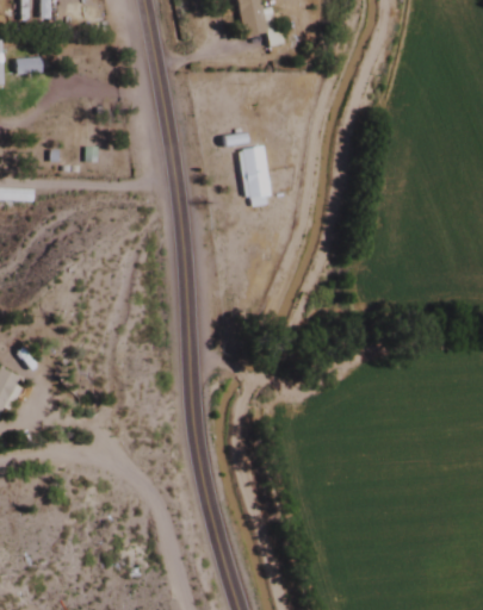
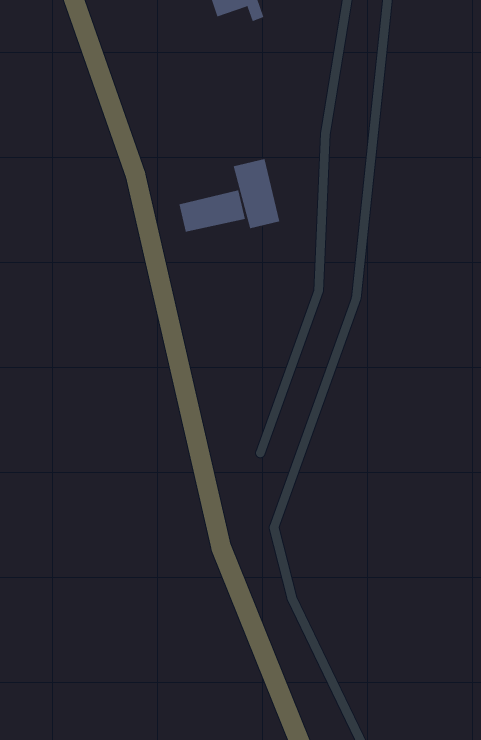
building: none -> [179,190,246,233]

